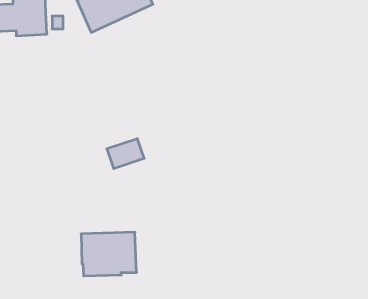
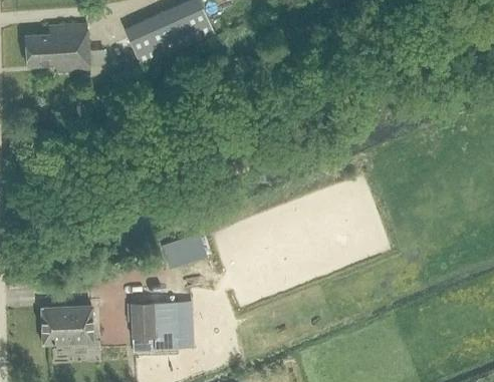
building: [107,139,144,169] -> [162,234,206,269]
building: none -> [40,306,92,345]

